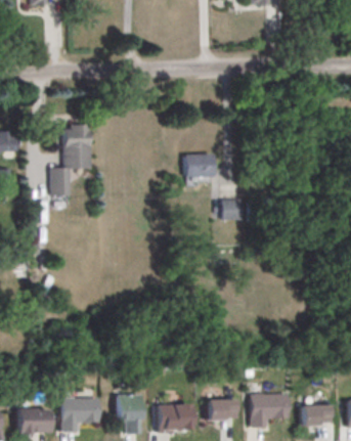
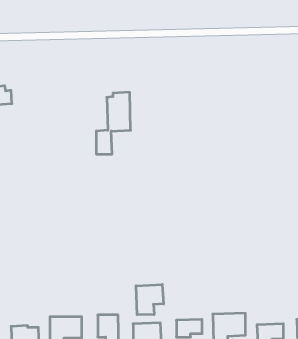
building: [51,123,91,194] -> [96,92,131,154]
building: [185,153,214,177] -> none
building: [223,199,243,219] -> none
building: none -> [136,284,164,315]

